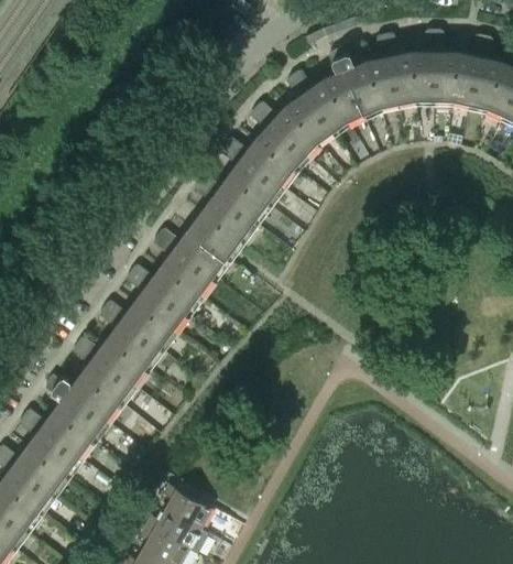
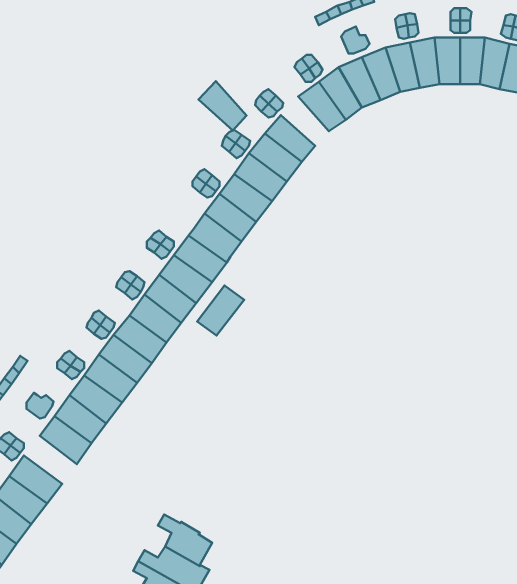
building: [273,112,316,156] -> [198,81,246,130]
building: none -> [197,286,244,336]
building: [43,416,90,459] -> none

